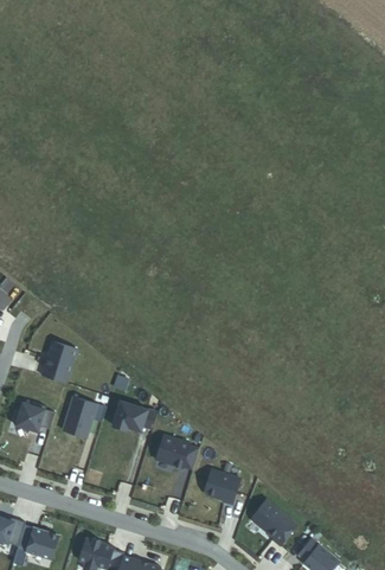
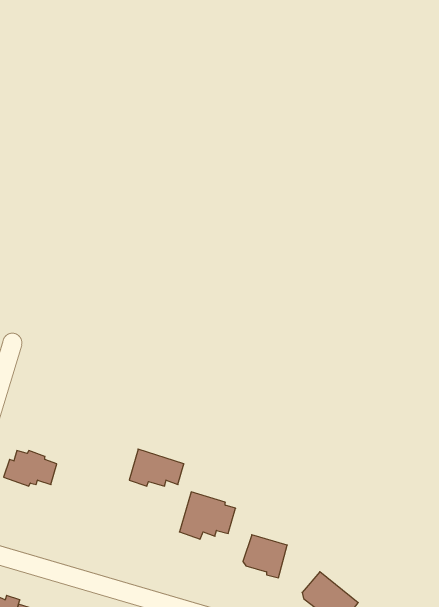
building: [41,341,76,383] -> none
building: [63,396,105,437] -> none

